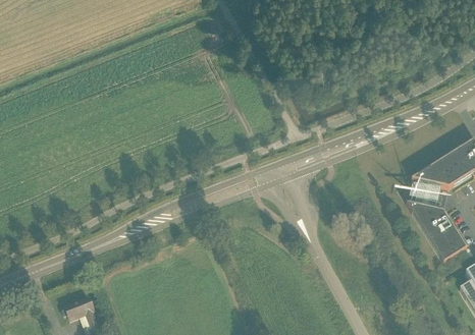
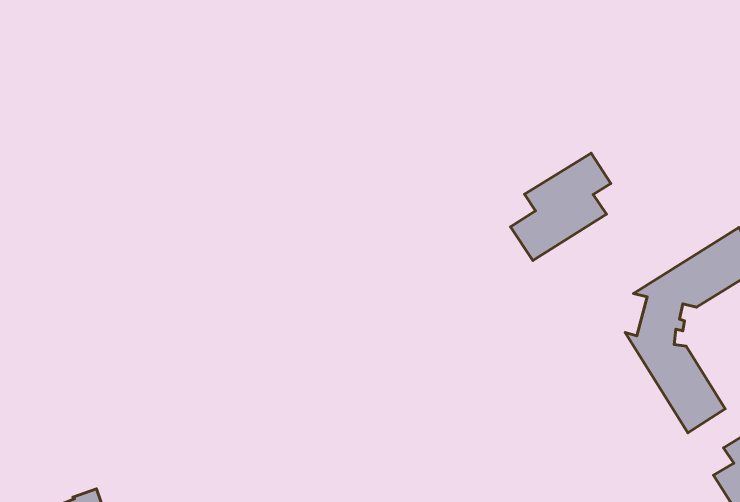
building: none -> [511,153,611,260]

